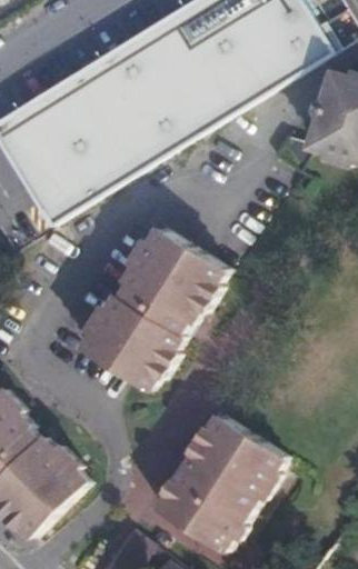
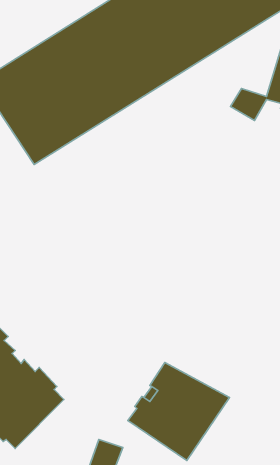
building: [78,228,223,391] -> none
building: [195,415,281,481] -> none

